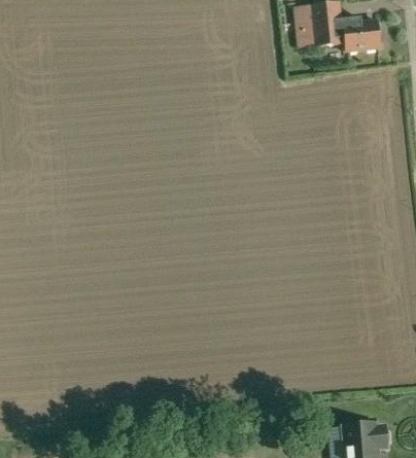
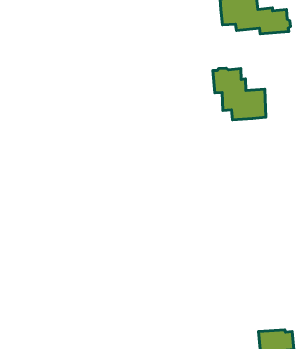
building: none -> [213,68,266,120]

